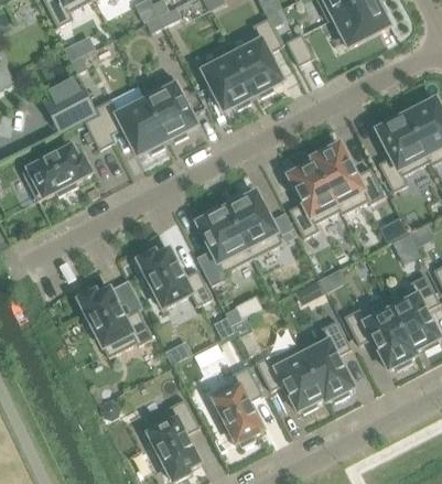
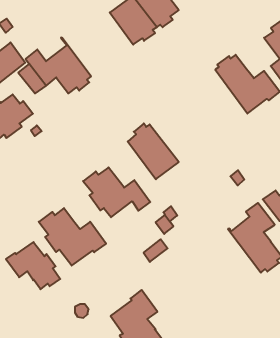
building: [141,73,197,141] -> none
building: [288,155,342,236] -> none
building: [226,191,282,256] -> none
building: none -> [6,242,60,289]
building: [256,343,326,411] -> none
building: [211,365,262,444] -> none

